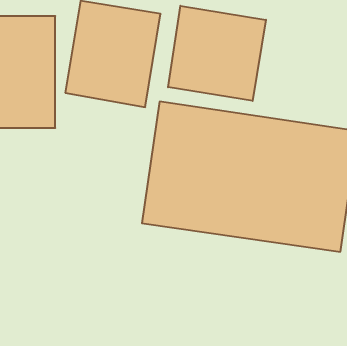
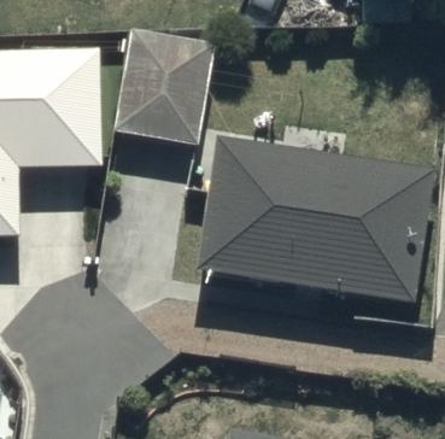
building: [168,6,266,101] -> none

